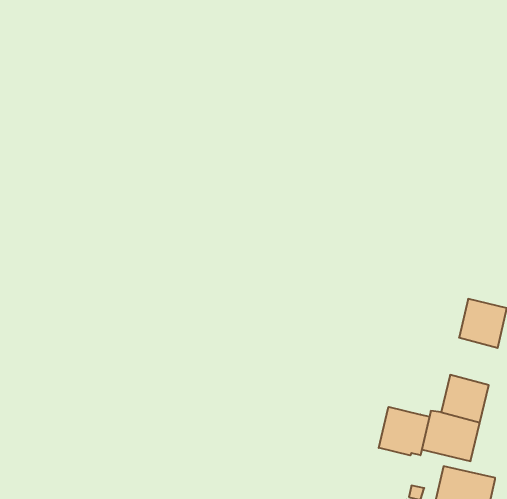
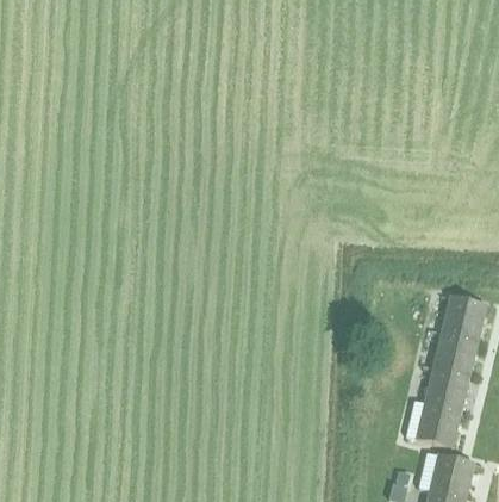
building: none -> [433,333,478,377]
building: [379,407,429,455] -> none

